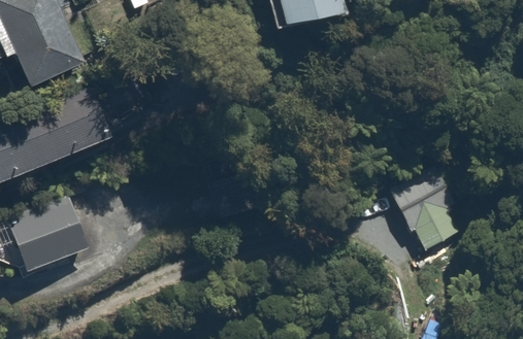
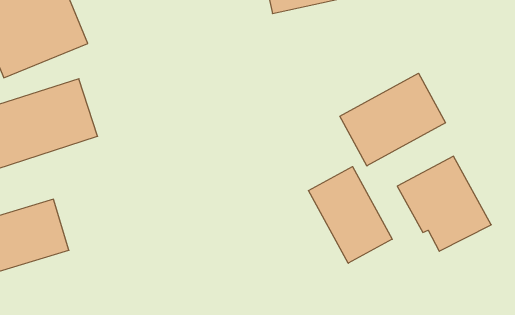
building: none -> [340,73,445,166]
building: none -> [308,167,392,263]

